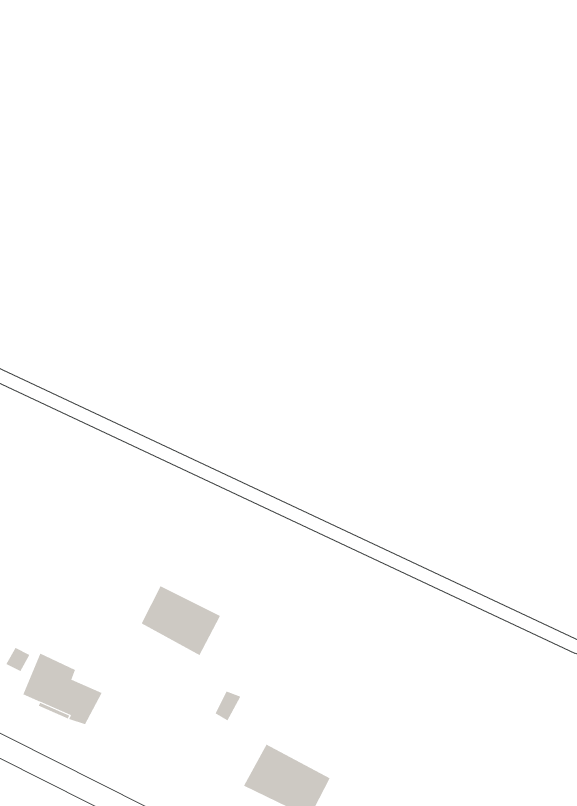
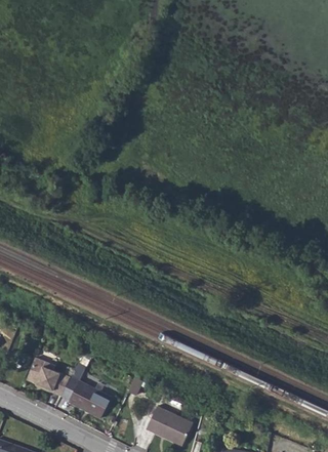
building: [141,585,221,656] -> [69,377,112,415]

